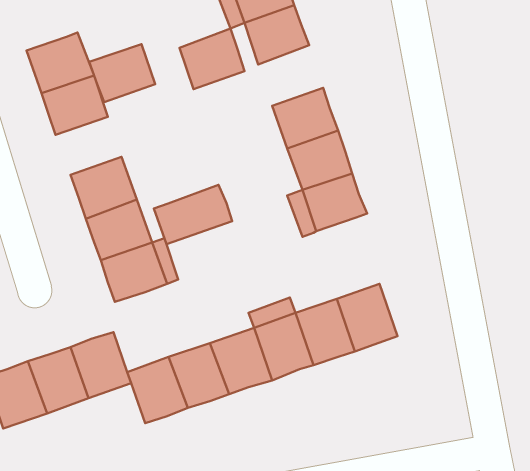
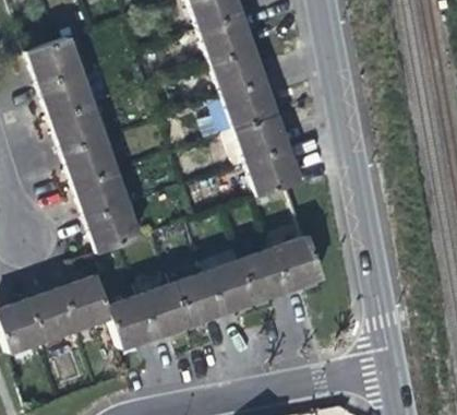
building: [180,28,244,89] -> [213,48,264,96]
building: [89,44,155,102] -> [52,105,105,151]
building: [154,185,232,244] -> none

